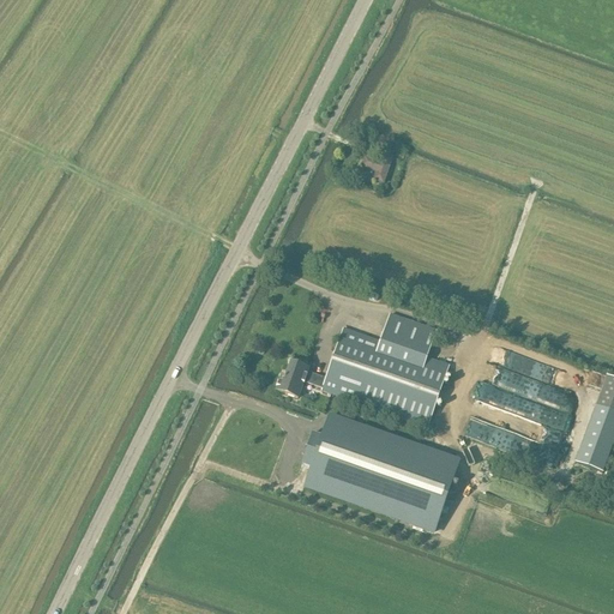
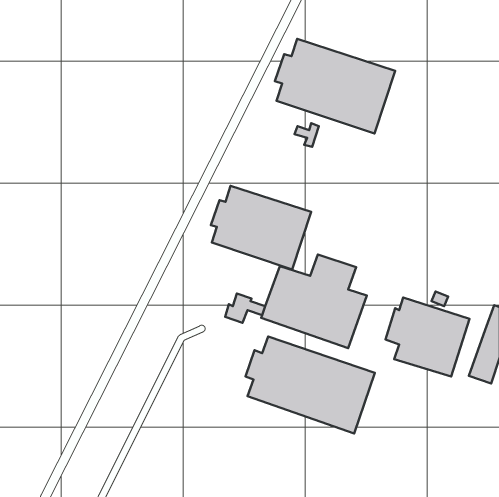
building: none -> [275,39,395,133]
building: none -> [211,186,311,269]

